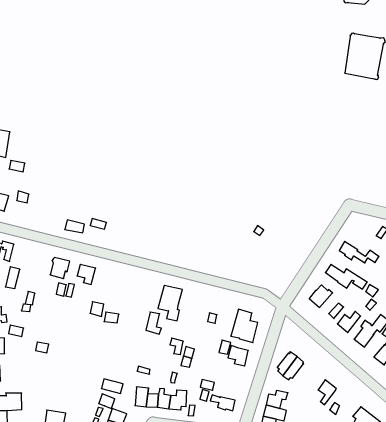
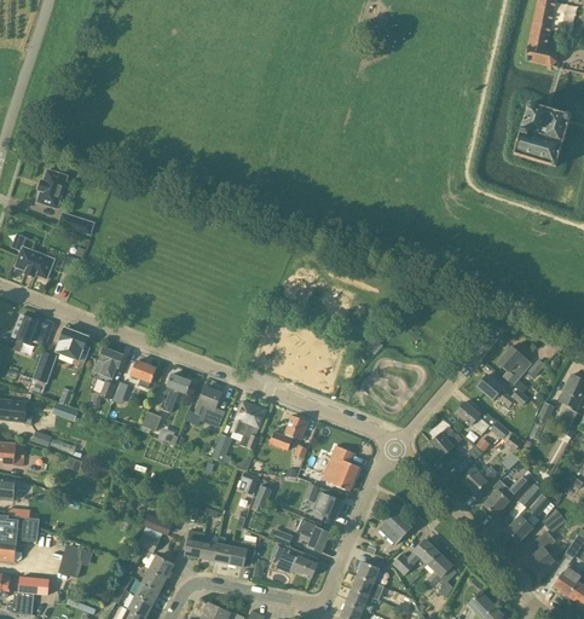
building: none -> [497,345,531,384]
building: none -> [56,326,87,360]
building: none -> [162,374,191,412]
building: none -> [186,386,225,428]
building: none -> [270,415,307,451]
building: none -> [297,520,329,553]
building: none -> [392,539,438,574]

